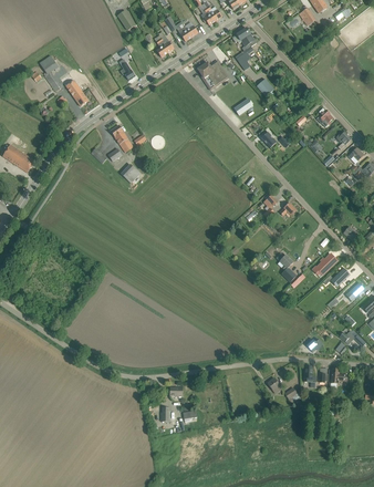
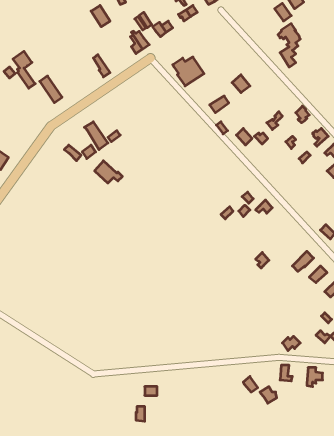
building: [233,28,256,71] -> [278,24,300,67]

